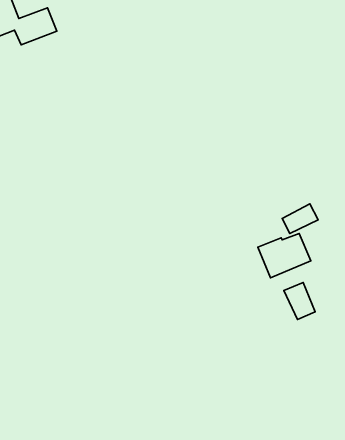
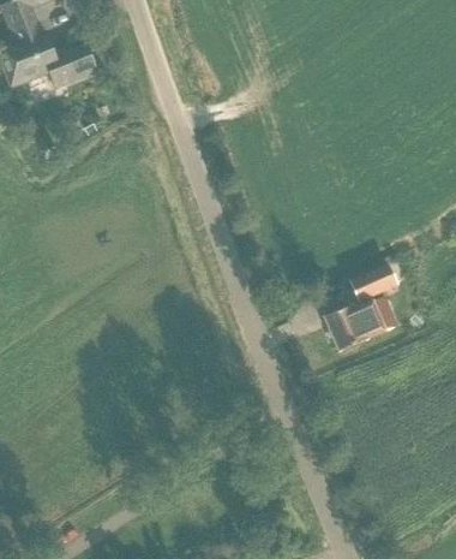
building: [284,283,315,319] -> none

